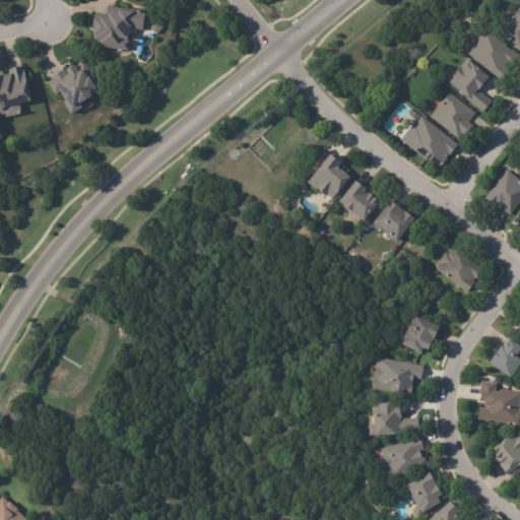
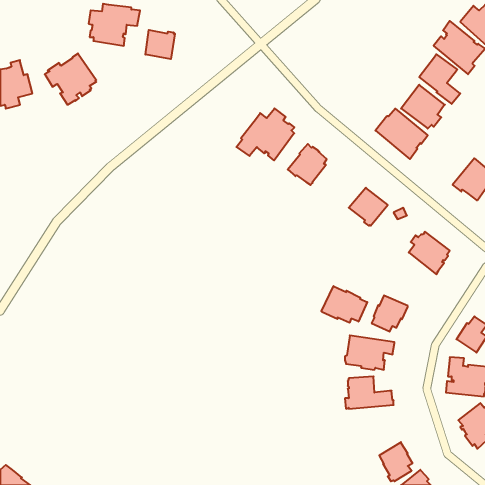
building: none -> [145,30,175,59]
building: none -> [236,108,294,160]
building: [339,180,381,220] -> none
building: none -> [321,286,367,323]
building: [377,437,426,478] -> none

